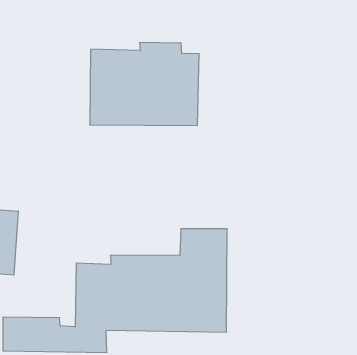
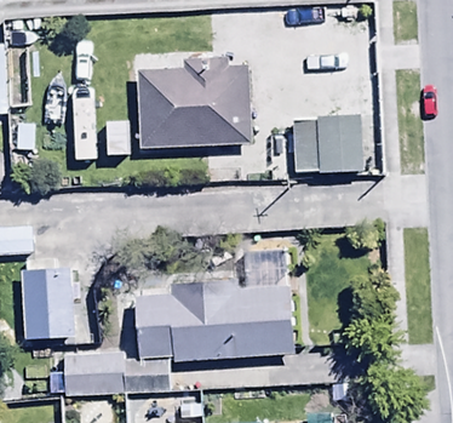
building: none -> [281,116,367,177]

